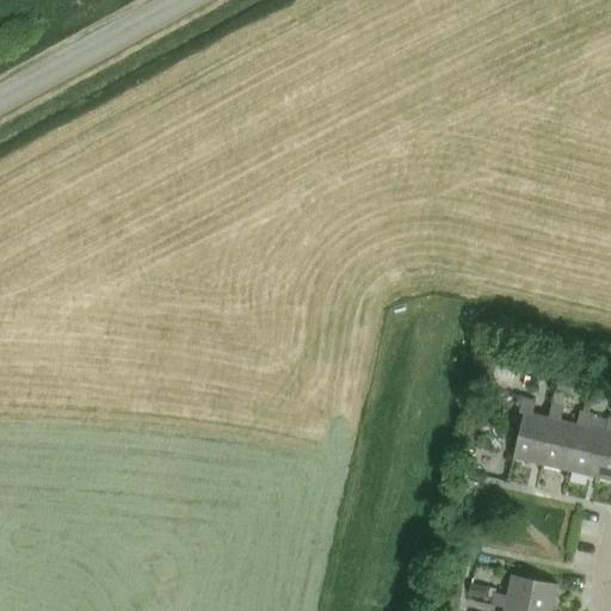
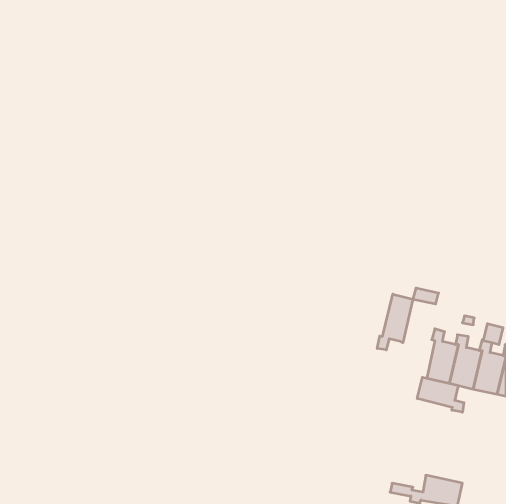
building: none -> [377,294,413,350]
building: none -> [417,377,464,412]

